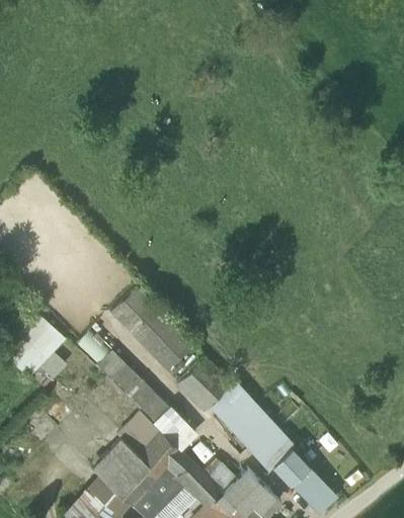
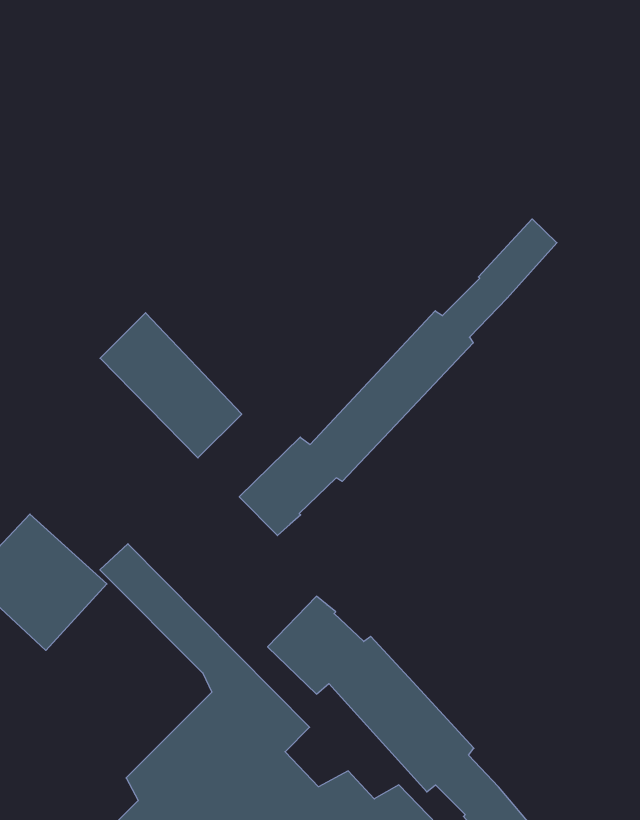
building: none -> [239,219,557,536]
building: [109,288,191,372] -> [100,313,242,458]

